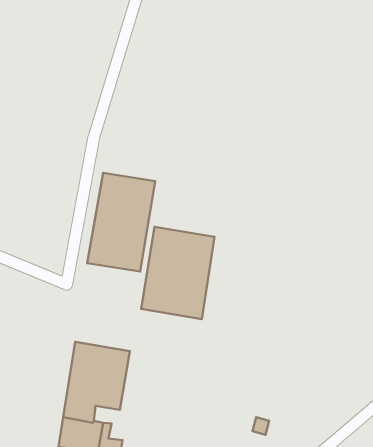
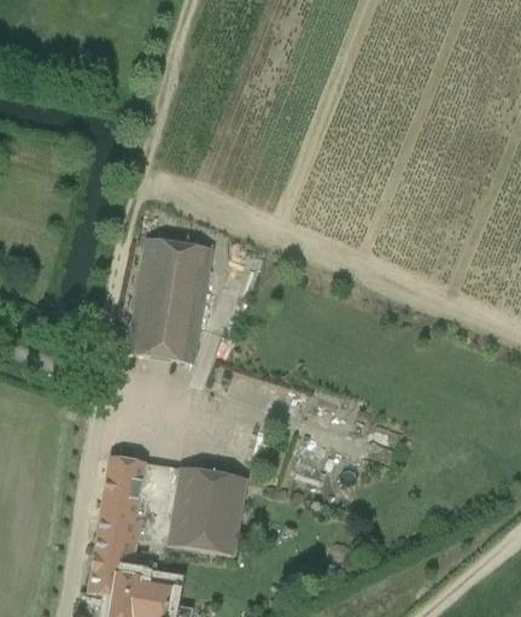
building: [141,227,214,319] -> none
building: none -> [168,466,247,554]

